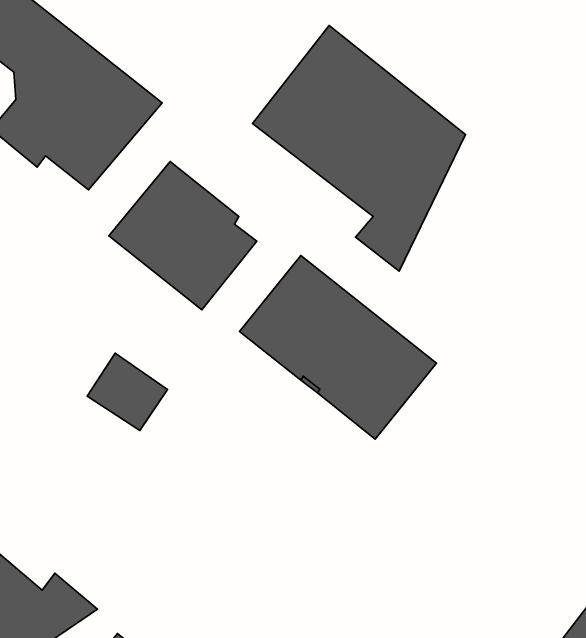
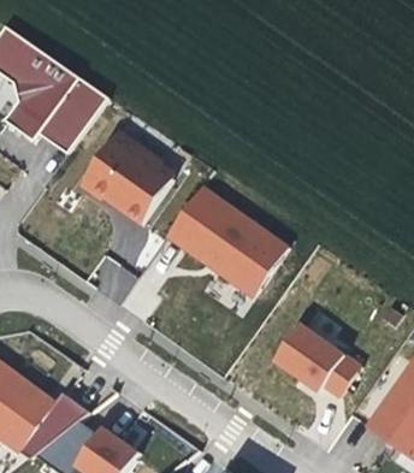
building: [253,26,466,271] -> none
building: none -> [274,325,361,397]

